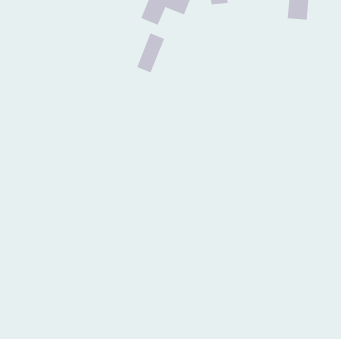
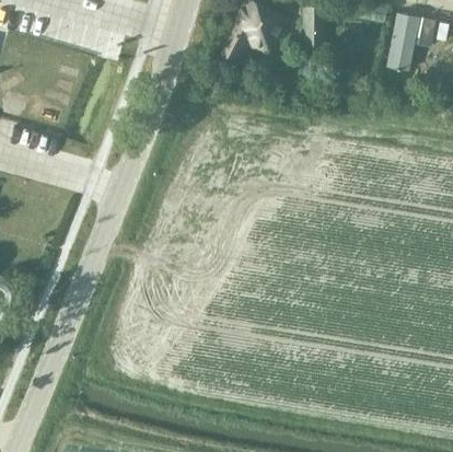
building: [137,33,165,73] -> none

